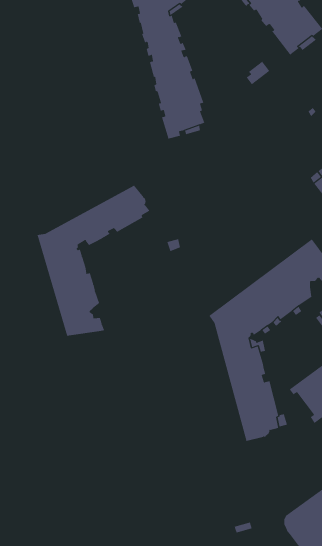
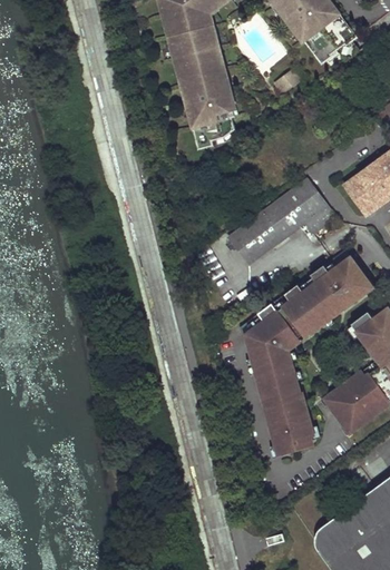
building: none -> [224,179,333,263]
building: [37,185,150,336] -> none

